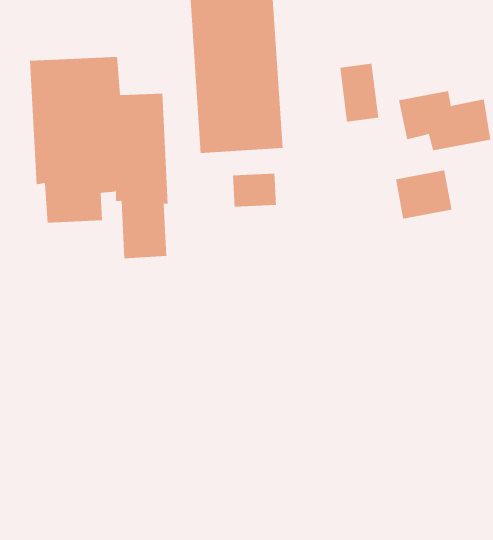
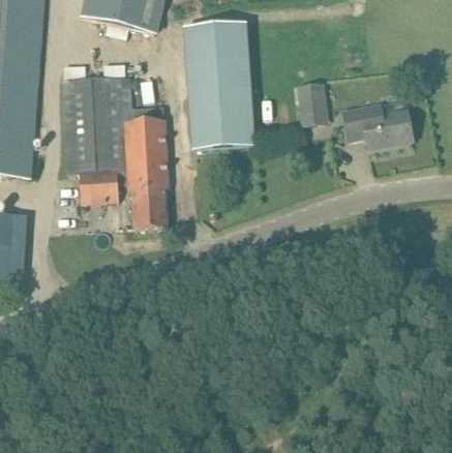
building: [395,170,452,219] -> none
building: [233,173,276,208] -> none

